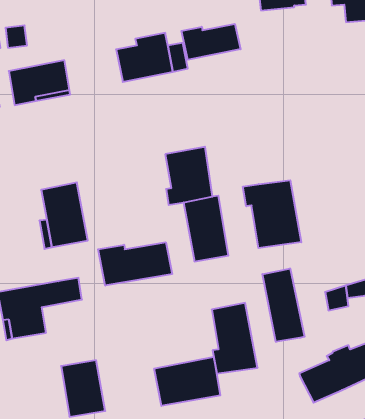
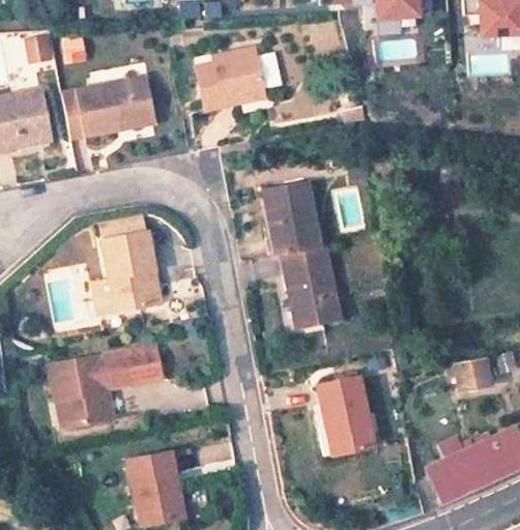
building: [181,24,241,60] -> none
building: [243,180,301,248] -> none
building: [98,242,172,286] -> none
building: [262,268,305,342] -> none
building: [154,357,220,406] -> none

